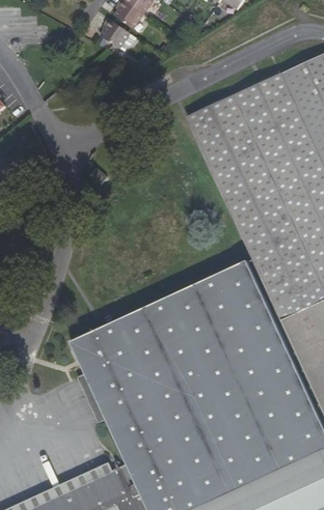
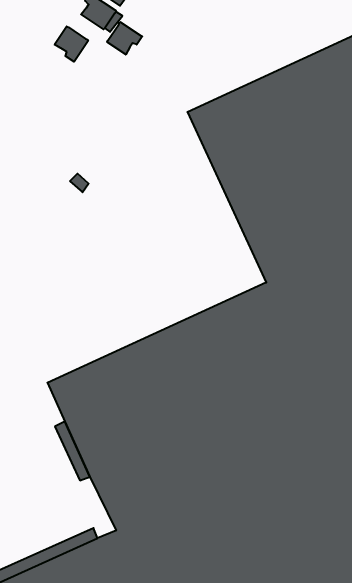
building: none -> [107,22,142,55]
building: none -> [55,26,88,62]

